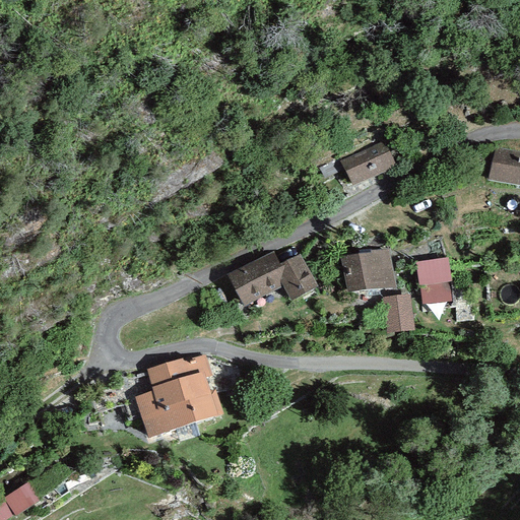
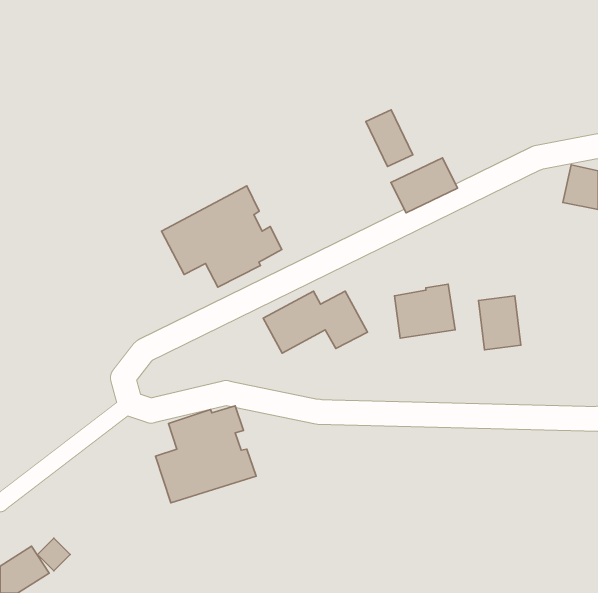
building: none -> [366,110,413,167]
building: none -> [162,186,282,287]
building: [382,291,414,333] -> none

